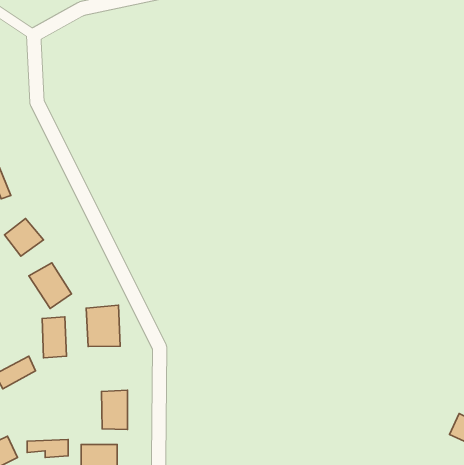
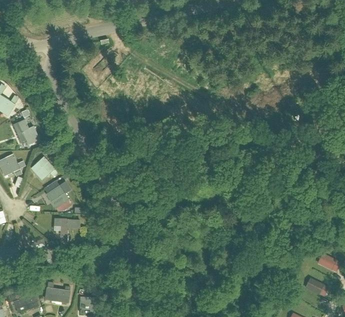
building: [86,305,120,347] -> none
building: [102,390,127,430] -> none

